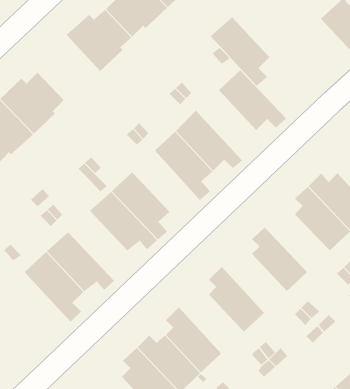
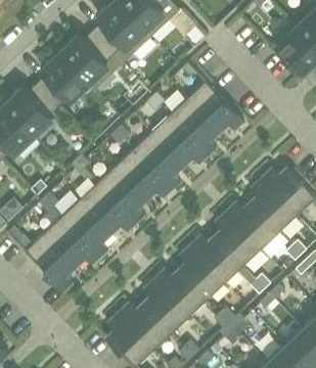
building: [210,17,270,87] -> [169,99,219,157]
building: none -> [37,53,89,107]
building: none -> [116,149,172,200]
building: none -> [62,199,111,258]
building: none -> [226,201,280,250]
building: none -> [190,235,244,284]
building: none -> [154,269,209,318]

